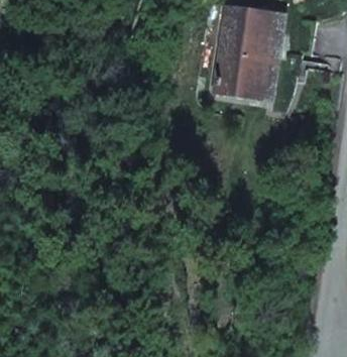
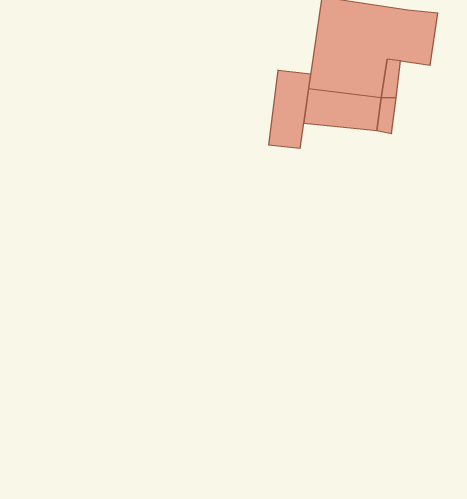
building: none -> [269,70,310,148]

